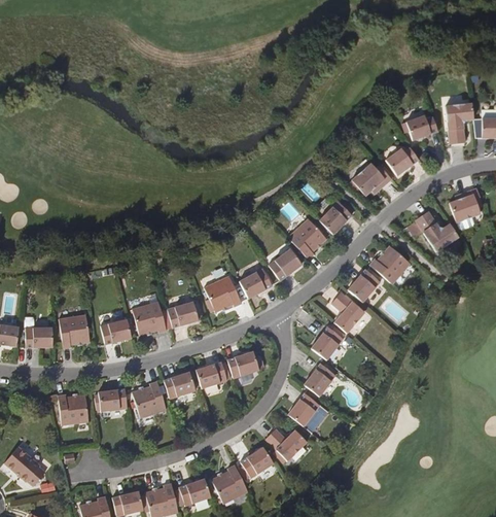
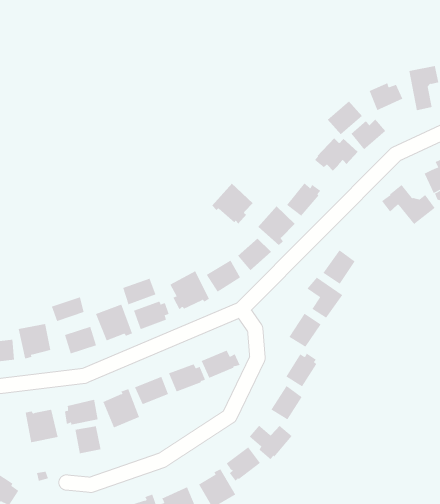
building: none -> [327,100,363,135]
building: none -> [211,183,253,225]
building: [370,245,411,283] -> none
building: none -> [122,278,156,305]
building: none -> [51,297,84,322]
building: none -> [75,426,101,454]

